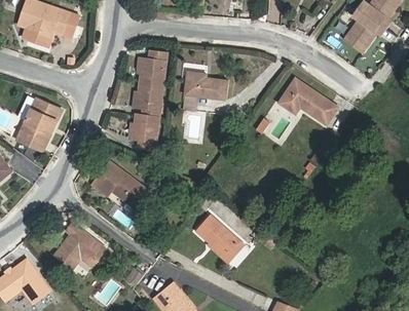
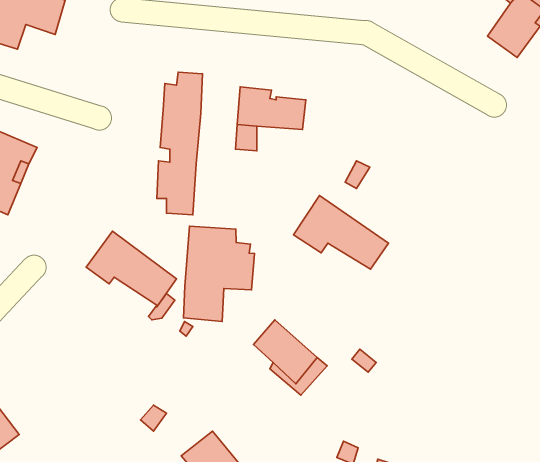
building: [276,78,336,124] -> [293,195,388,269]
building: none -> [184,226,255,322]
building: [53,222,103,268] -> none

